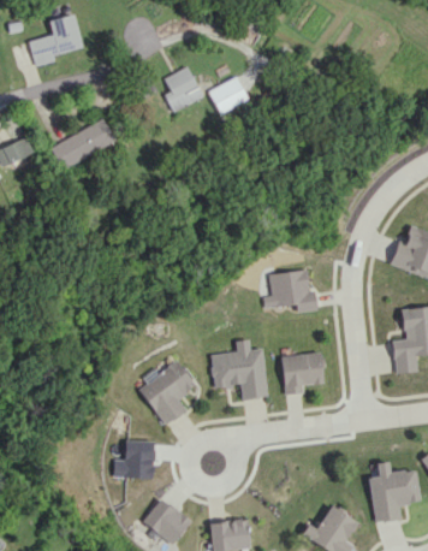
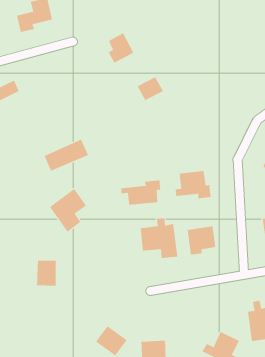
building: [207,77,246,113] -> [137,76,164,101]
building: [49,119,115,167] -> [44,139,89,171]
building: none -> [120,180,161,206]
building: [139,361,195,426] -> [49,188,87,232]
building: [124,440,154,479] -> [36,260,57,286]

